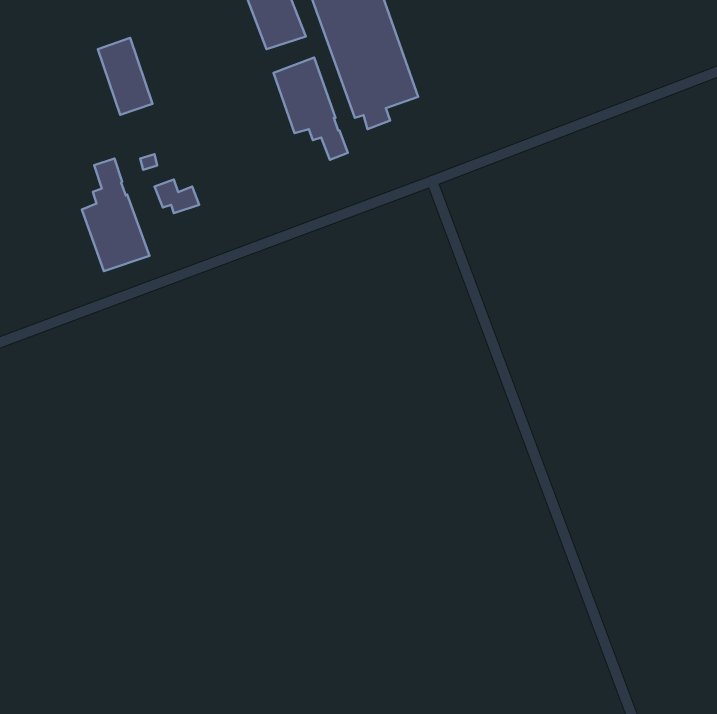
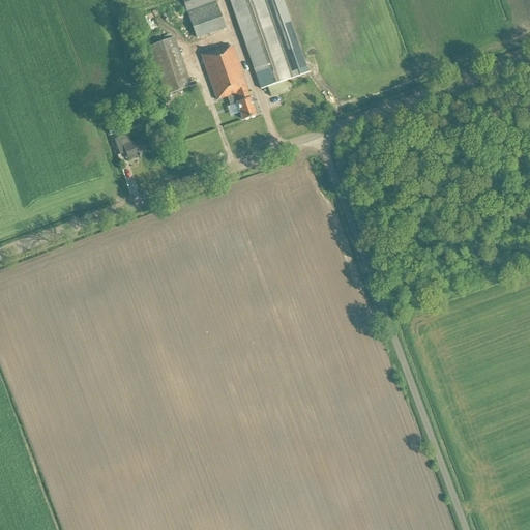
building: [98,38,153,115] -> [149,36,189,93]
building: [82,158,149,271] -> none

